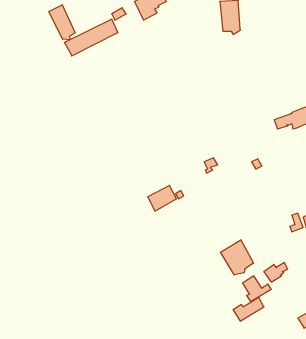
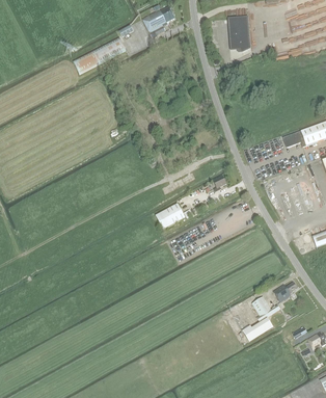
building: [49,5,75,40] -> none
building: [221,240,254,275] -> none

